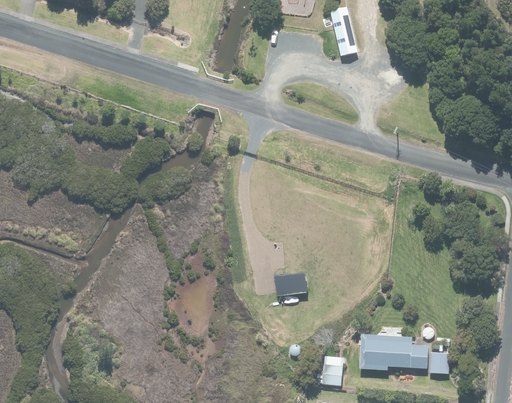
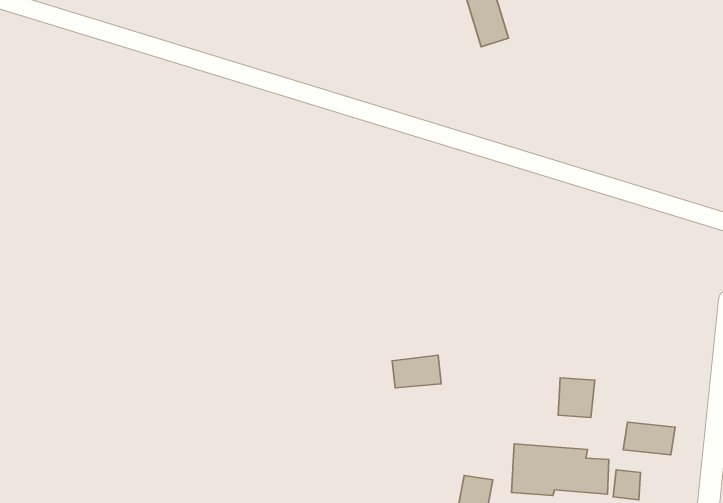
building: none -> [558,378,595,417]
building: none -> [623,422,675,455]

